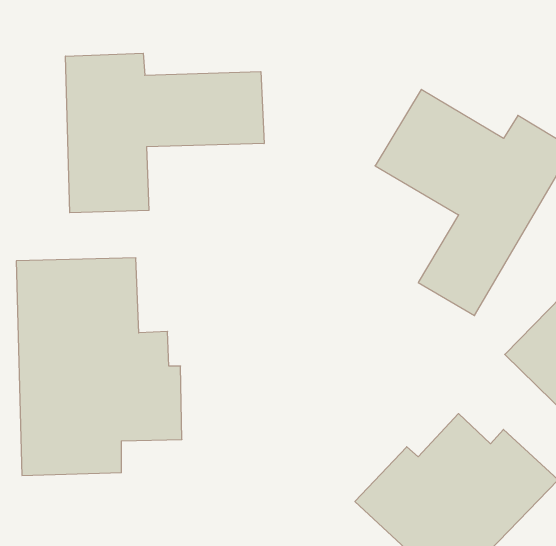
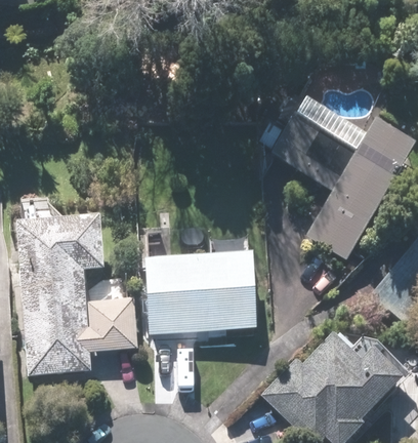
building: [66,53,264,213] -> none
building: none -> [145,256,258,331]

